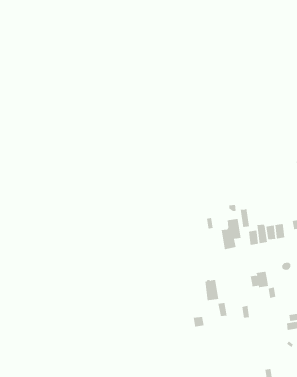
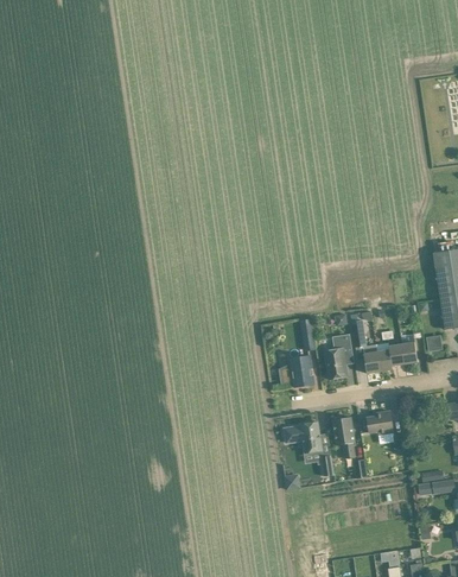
building: none -> [291,356,314,387]
building: none -> [333,417,356,458]

